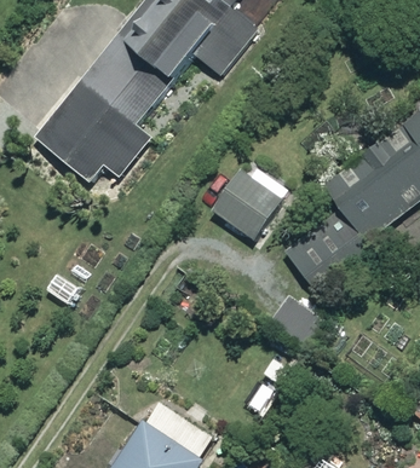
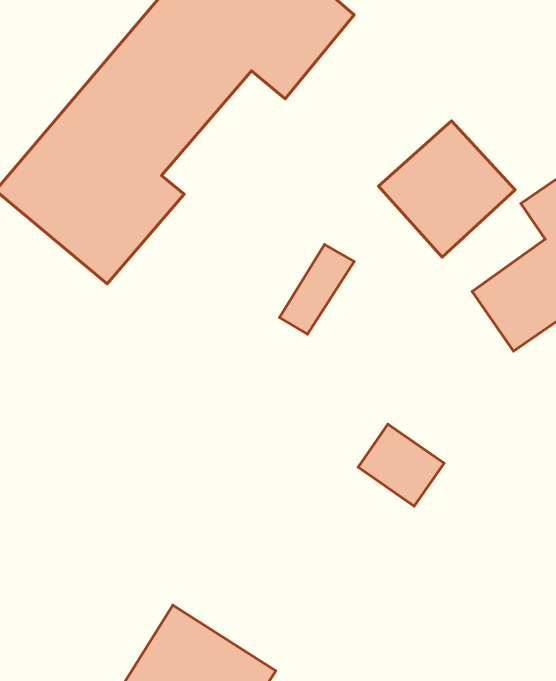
building: [277,201,366,289] -> [379,121,515,257]

